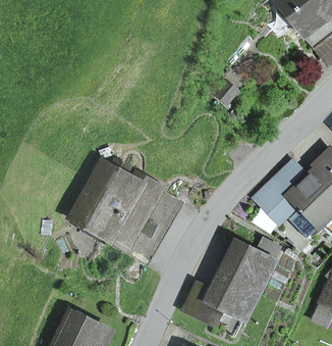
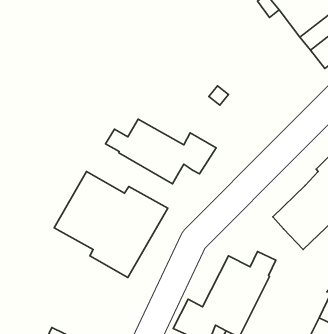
building: none -> [106,119,216,184]
building: [253,160,308,227] -> none

